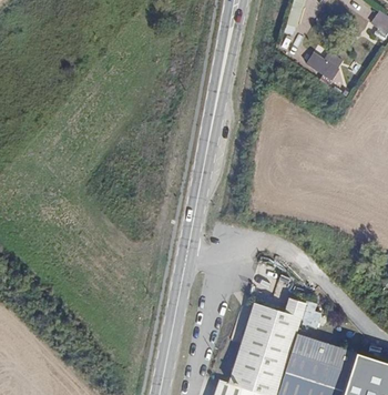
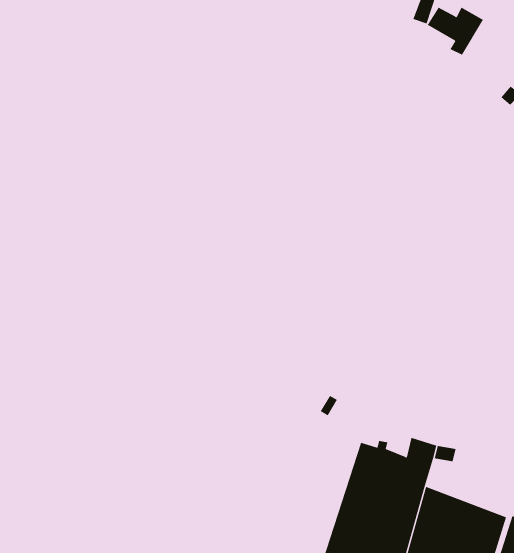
building: [305,51,344,84] -> [427,7,484,56]

